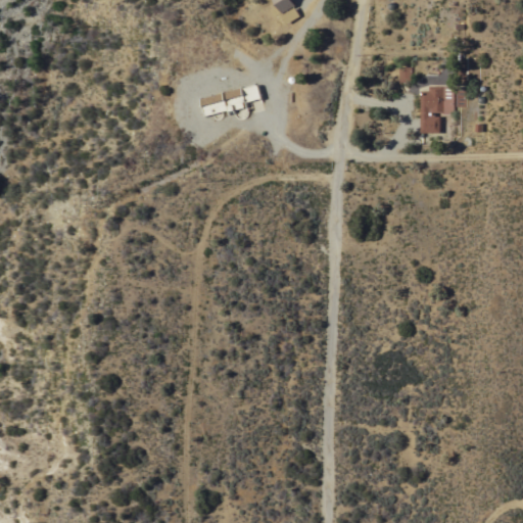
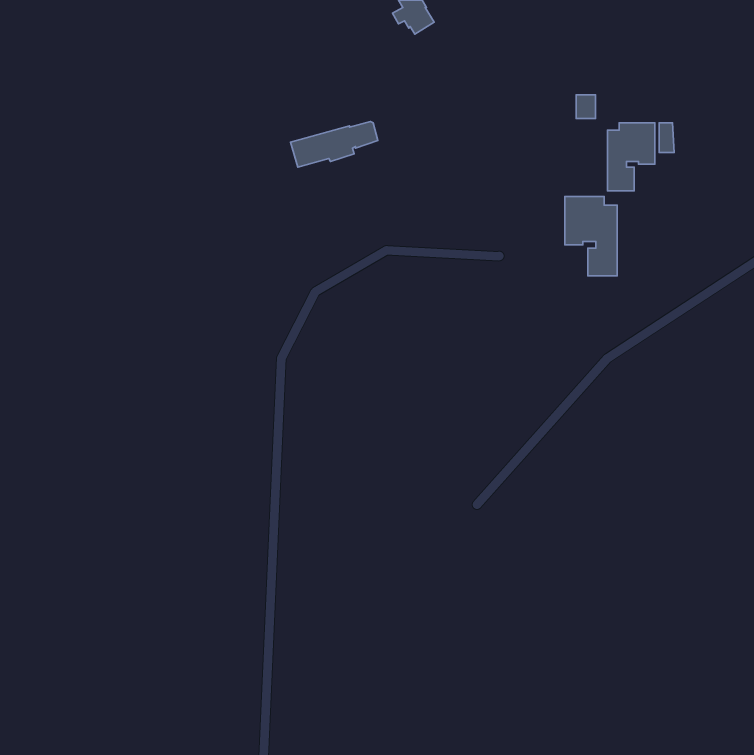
building: none -> [565,197,617,276]

